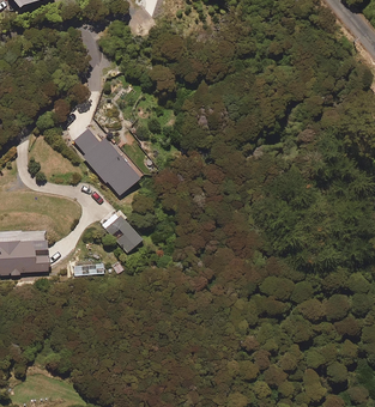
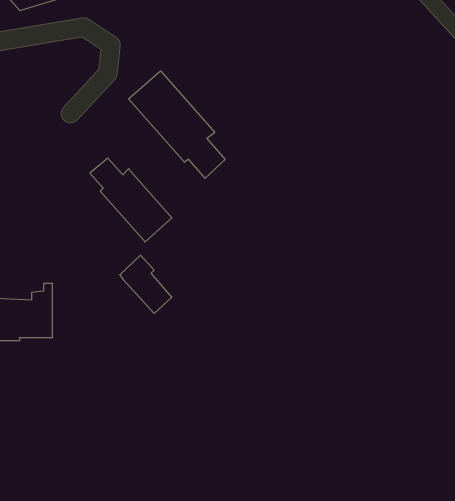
building: none -> [129,71,225,178]

